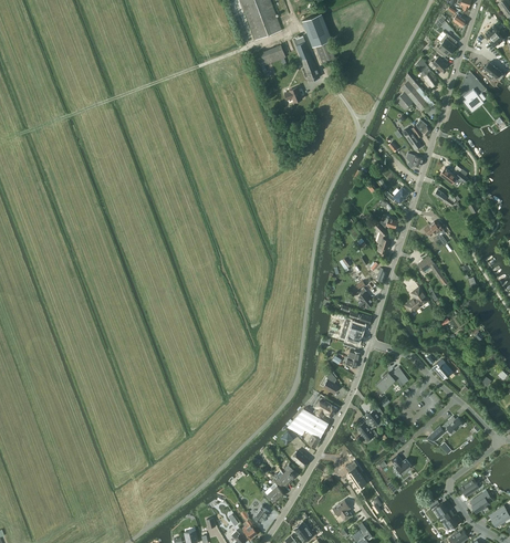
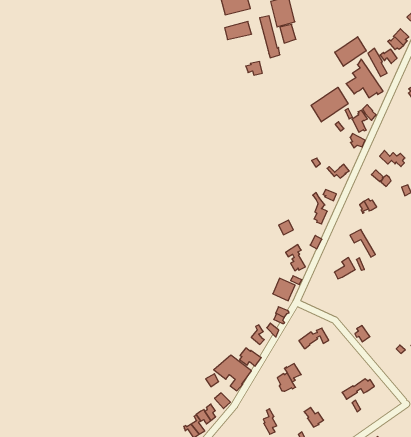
building: none -> [335,37,366,66]
building: none -> [311,87,348,122]

